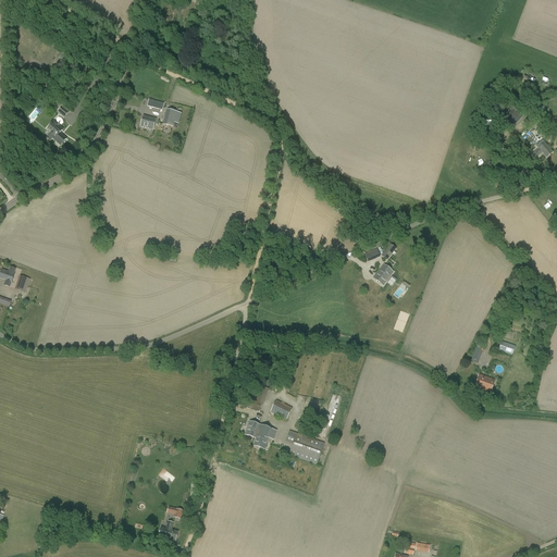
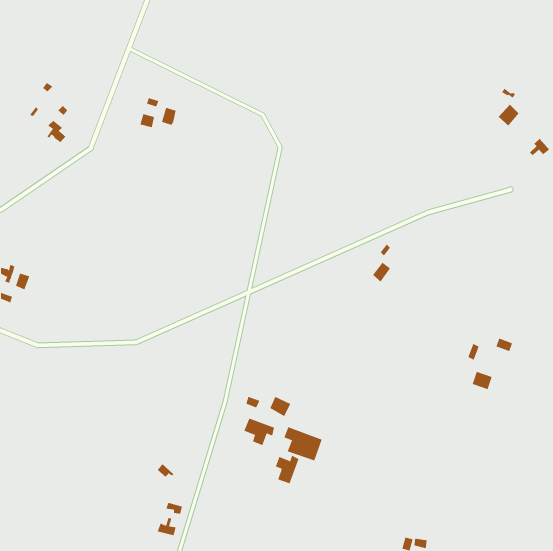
building: none -> [275,455,299,484]

